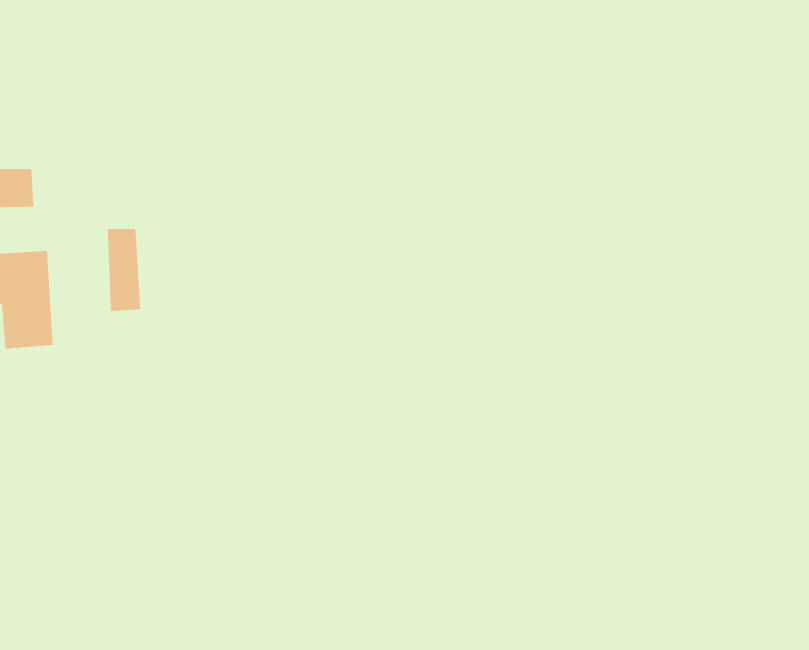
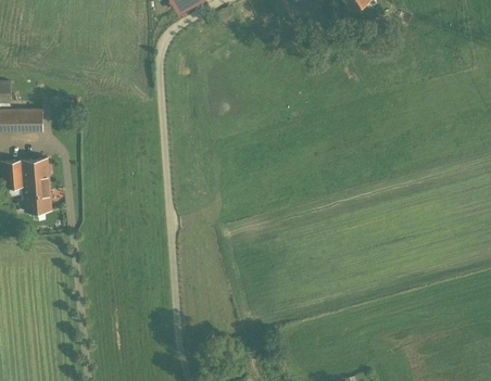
building: [107,228,141,312] -> none

